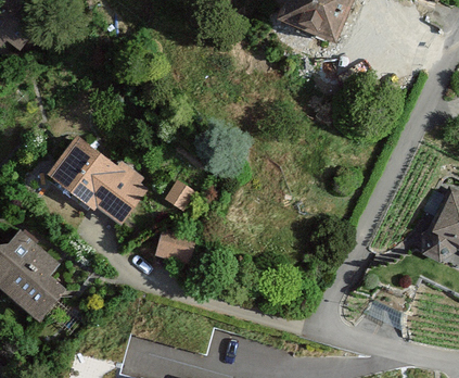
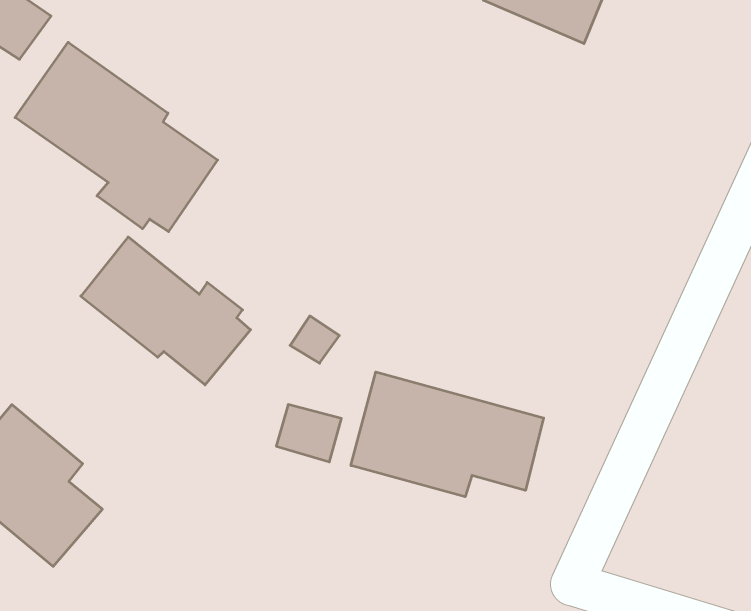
building: none -> [15,42,218,232]
building: none -> [351,372,544,497]

